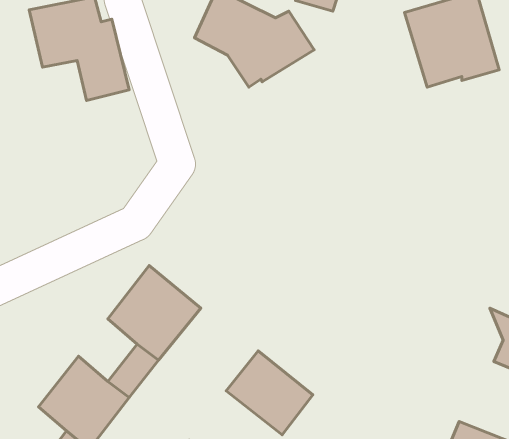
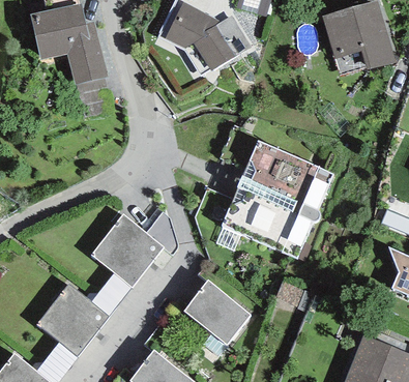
building: none -> [222,140,333,258]

